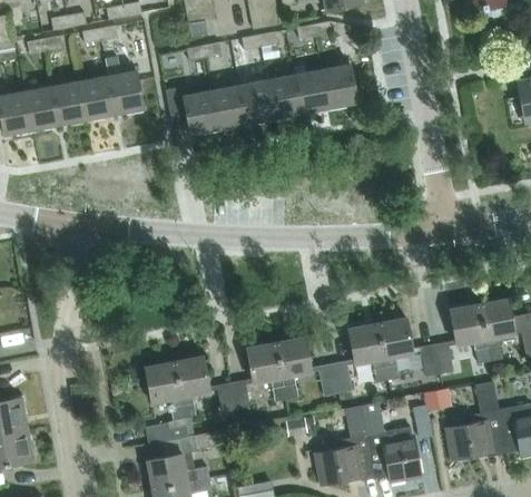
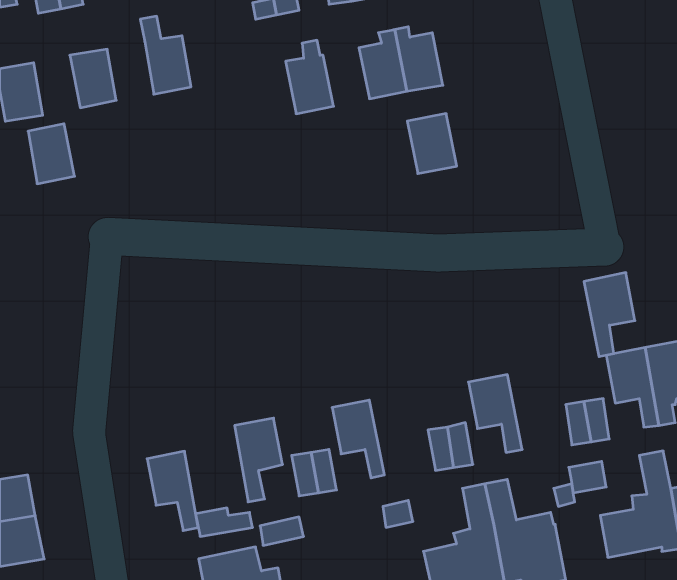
building: [322,64,358,108] -> [407,114,457,174]
building: [80,76,115,119] -> none
building: [240,80,275,124] -> none
building: [167,85,220,135] -> none
building: [26,86,60,130] -> [28,124,75,184]
building: [377,316,415,379] -> [584,273,635,357]
building: [275,337,312,398] -> none
building: [147,361,185,420] -> [147,451,198,531]

